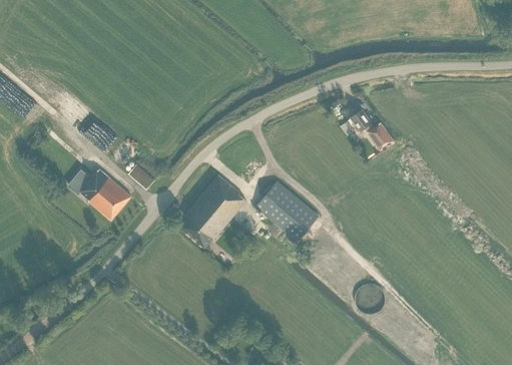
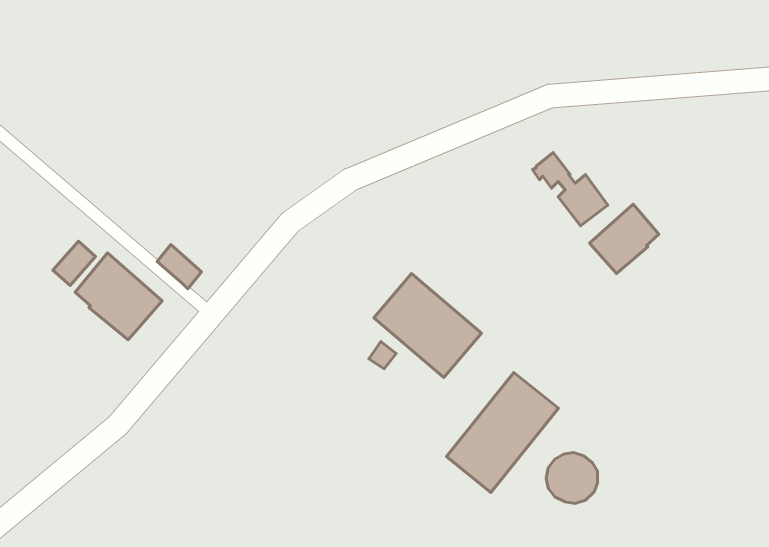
building: none -> [589,204,659,273]
building: [178,175,245,248] -> none
building: none -> [446,372,558,492]

